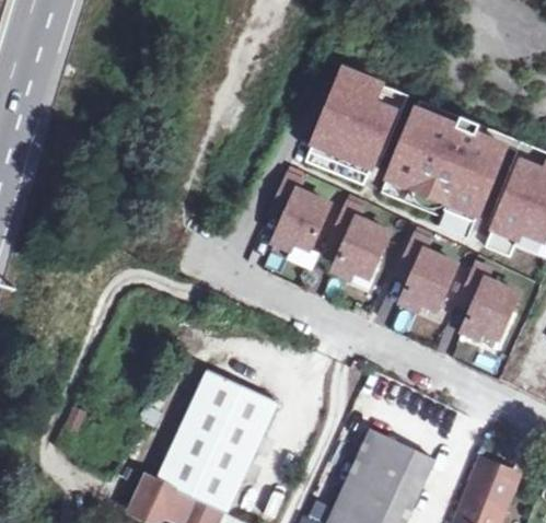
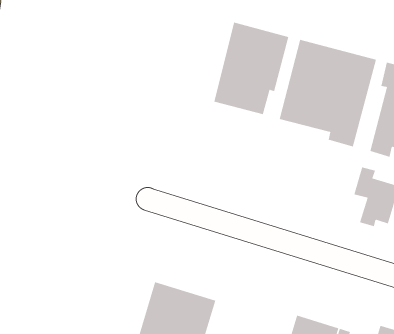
building: [272,174,329,249] -> none
building: [330,204,388,278] -> none
building: [399,234,456,310] -> none

